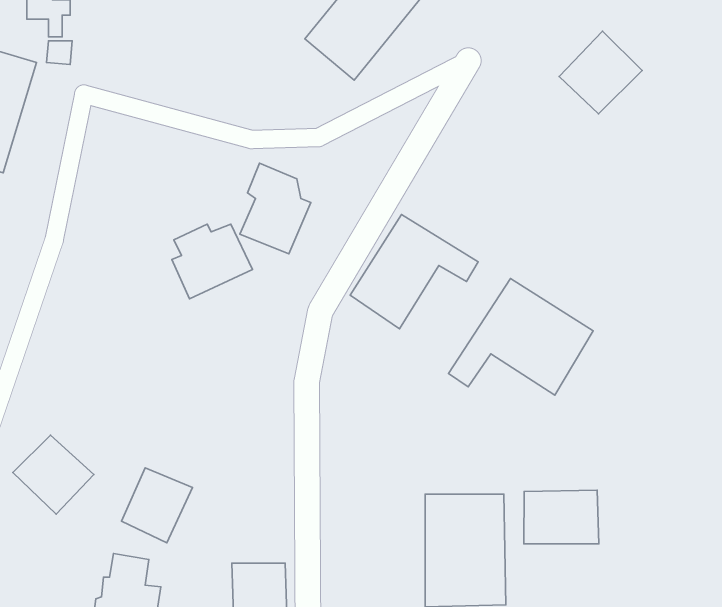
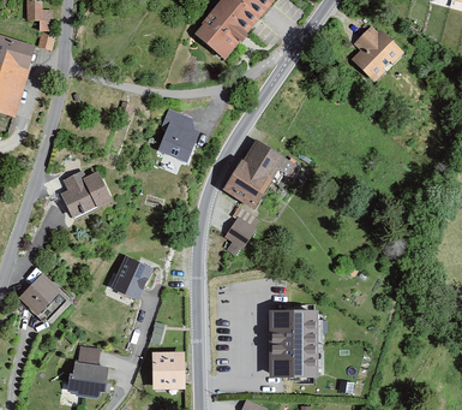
building: [172,224,253,299] -> [61,172,110,218]
building: [449,278,593,395] -> none
building: none -> [223,215,256,249]
building: [122,468,193,543] -> [110,256,154,302]
building: [524,490,599,544] -> none

